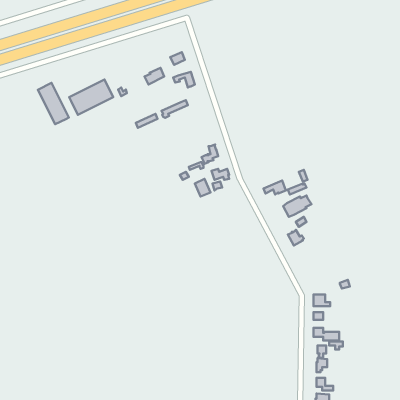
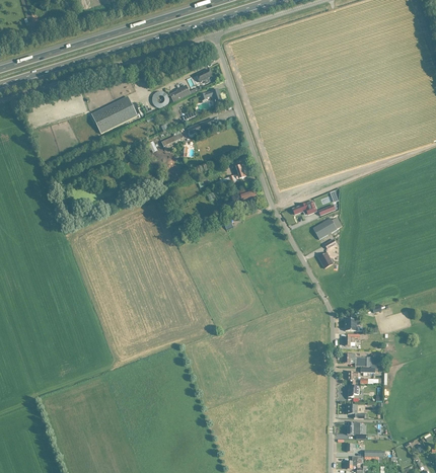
building: [38,83,69,124] -> none

